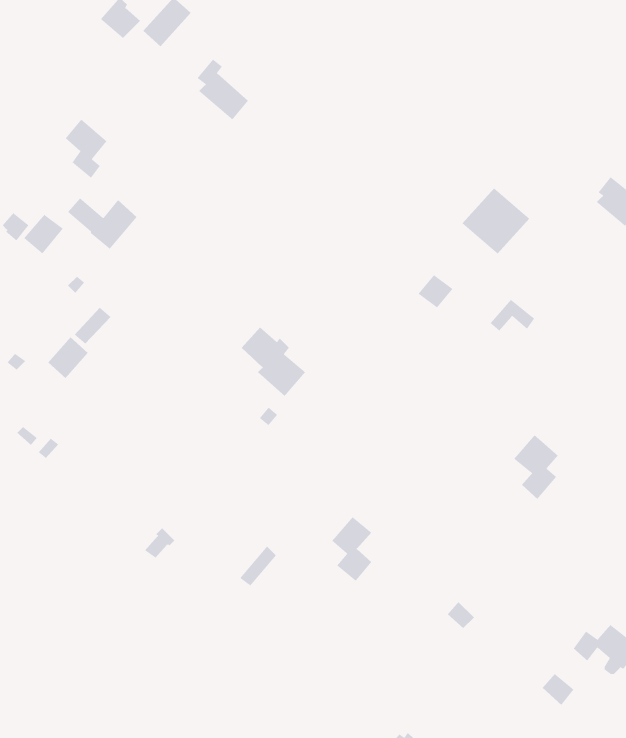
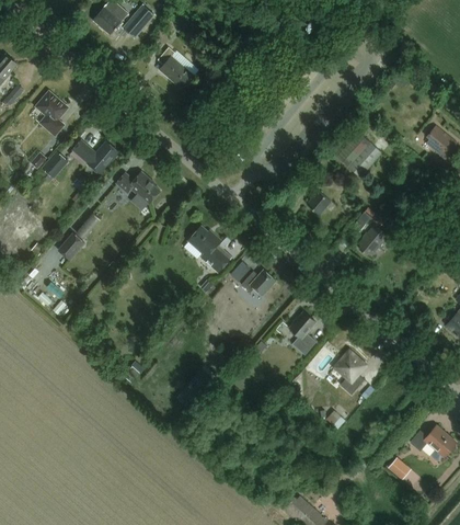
building: [65,118,107,179] -> [37,93,66,134]
building: none -> [115,171,160,204]
building: none -> [357,224,388,255]
building: none -> [240,270,274,296]
building: [513,434,559,500] -> [334,351,365,395]
building: [331,516,372,582] -> [288,311,315,355]

